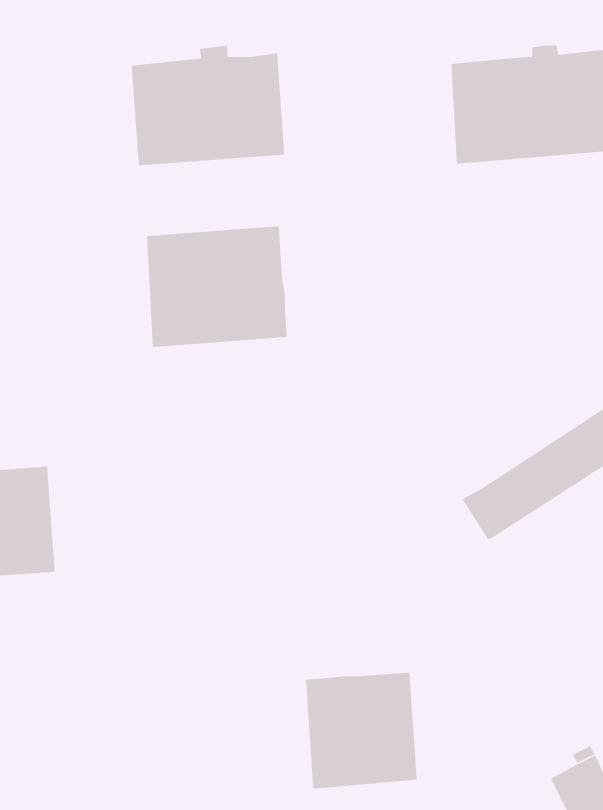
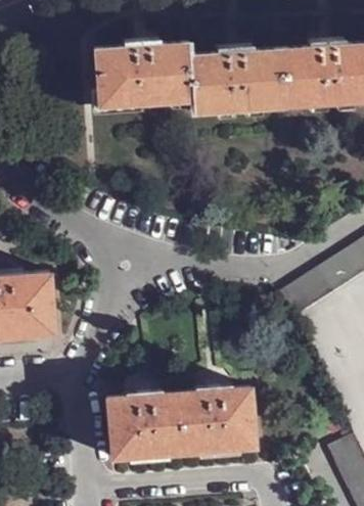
building: none -> [178,44,277,113]
building: [146,226,287,348] -> none
building: none -> [108,394,197,461]

